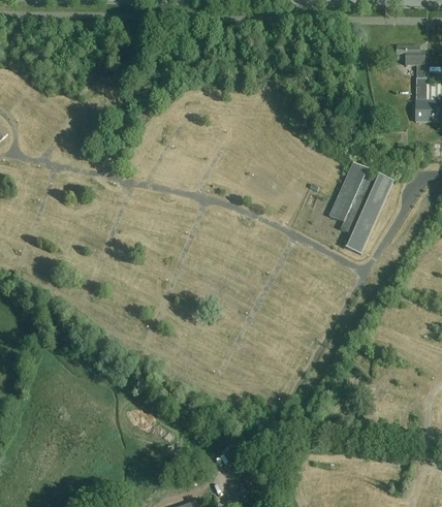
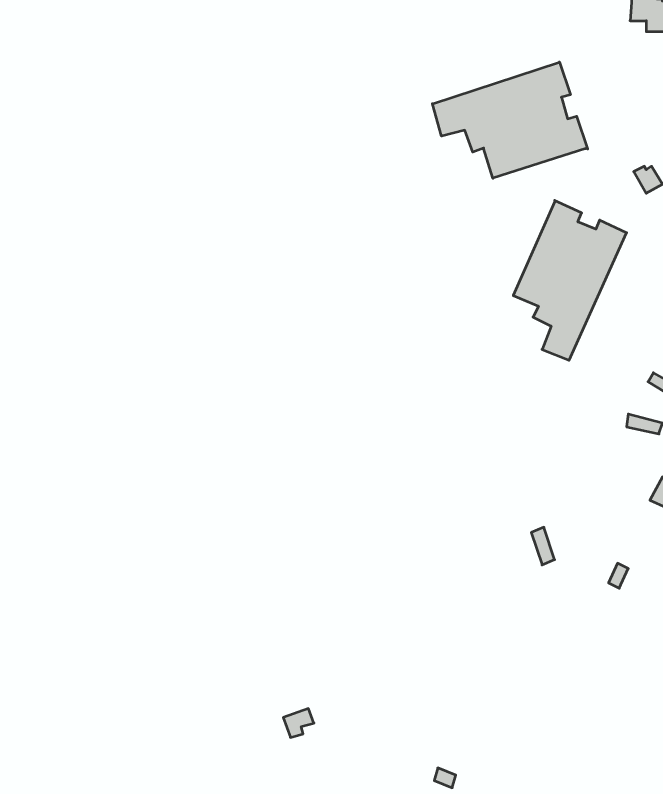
building: none -> [432,62,588,178]

